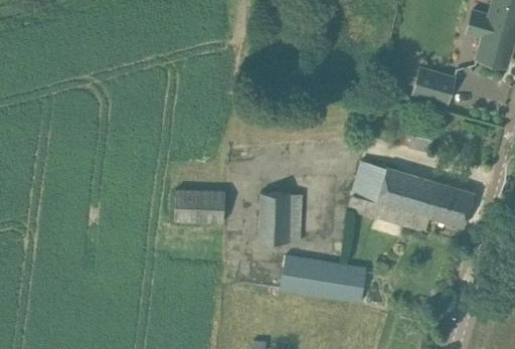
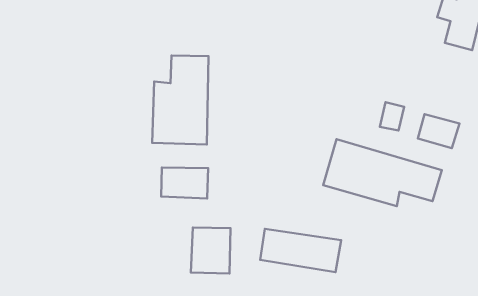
building: [411,68,456,105] -> [418,114,459,148]
building: none -> [152,56,208,145]
building: [259,193,301,242] -> [191,227,230,274]

